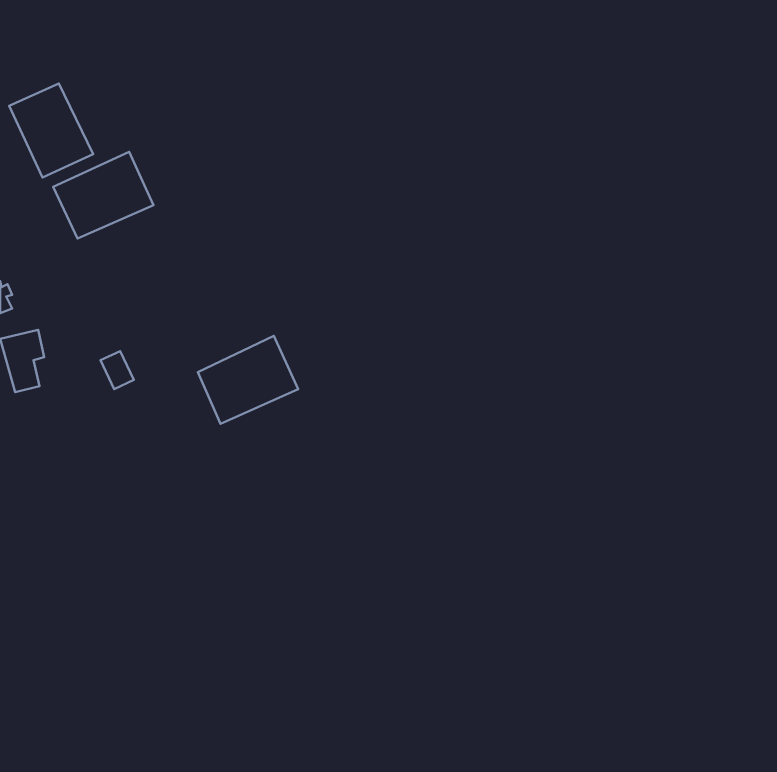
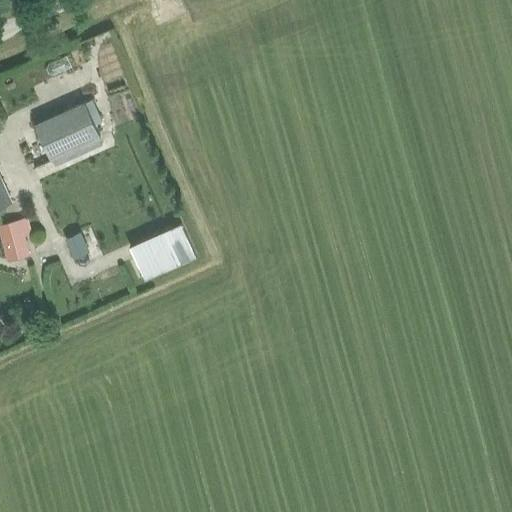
building: [9,83,93,178] -> none

